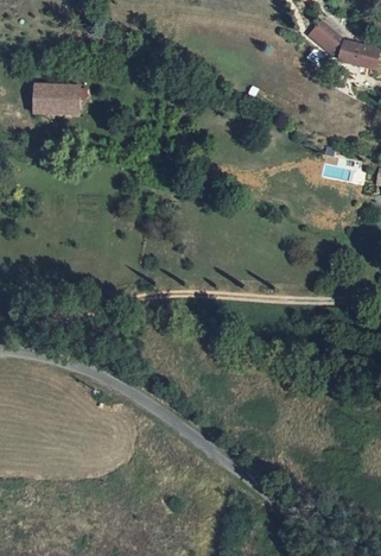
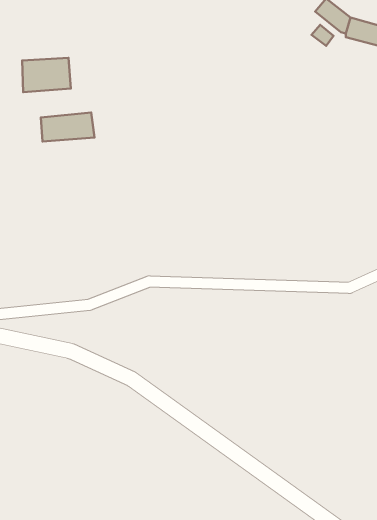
building: none -> [41,113,94,141]

